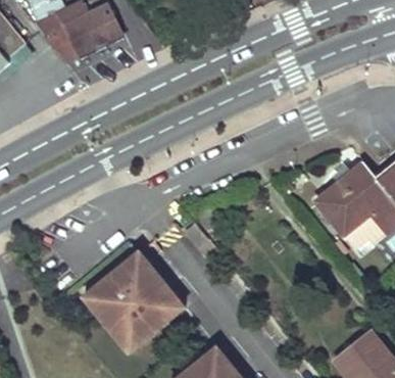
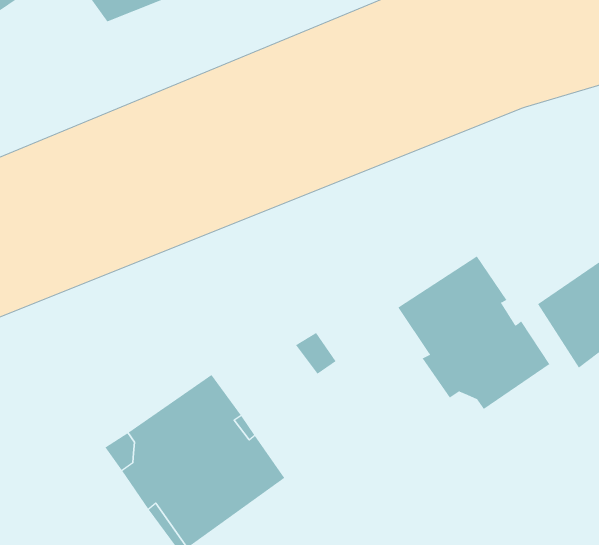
building: none -> [397,255,550,410]

